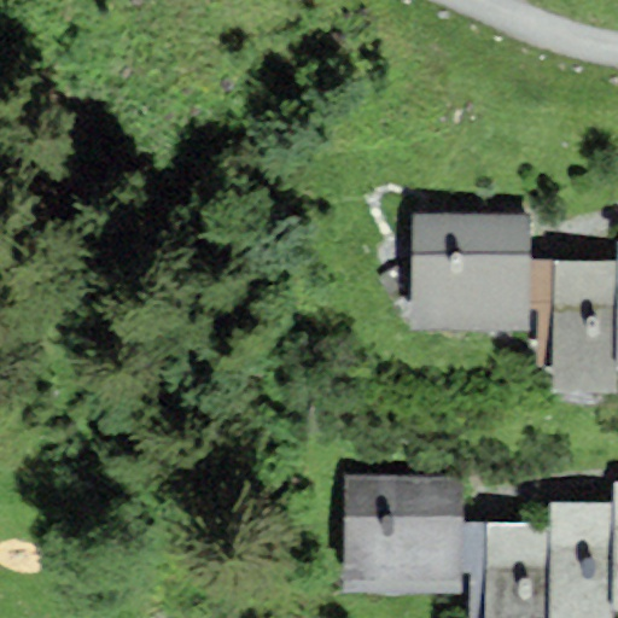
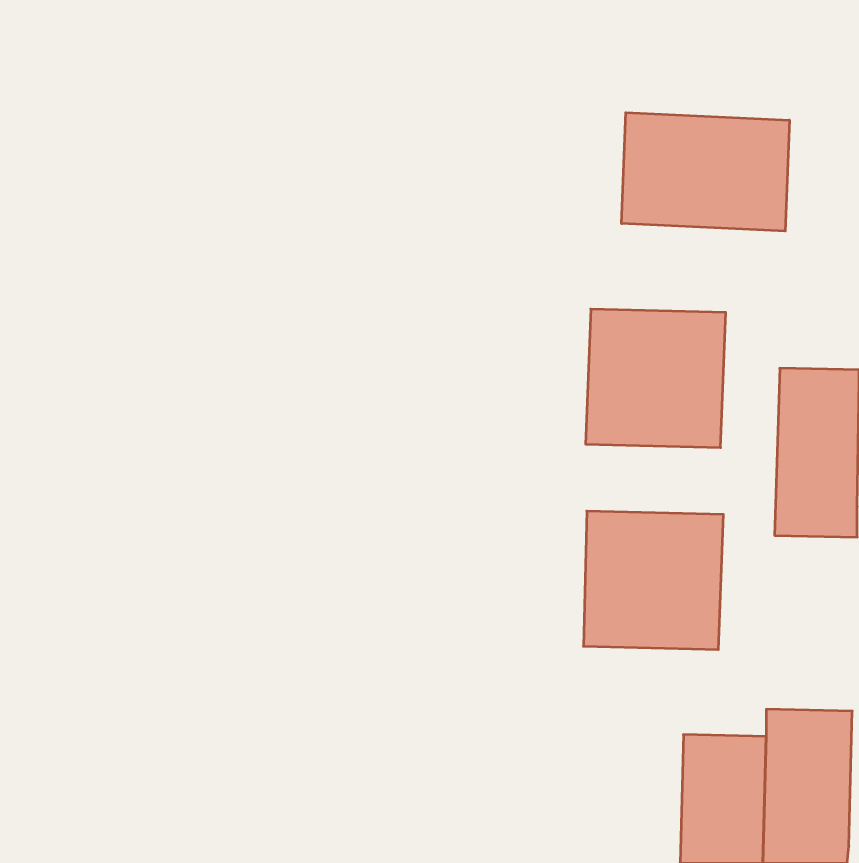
building: none -> [622,113,789,231]
building: [351,479,451,578] -> [583,511,723,650]

